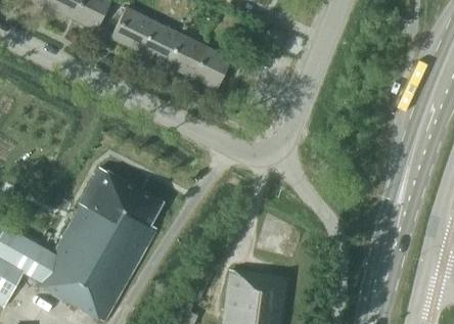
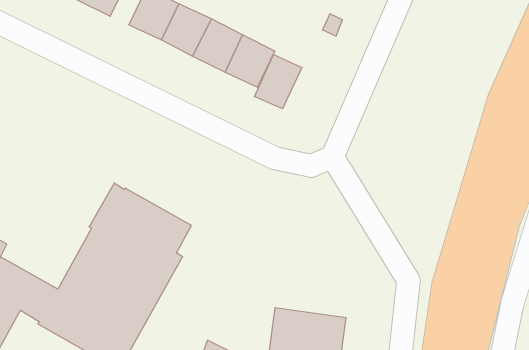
building: none -> [254,54,302,109]

